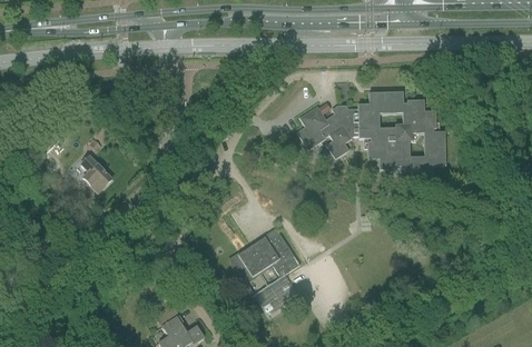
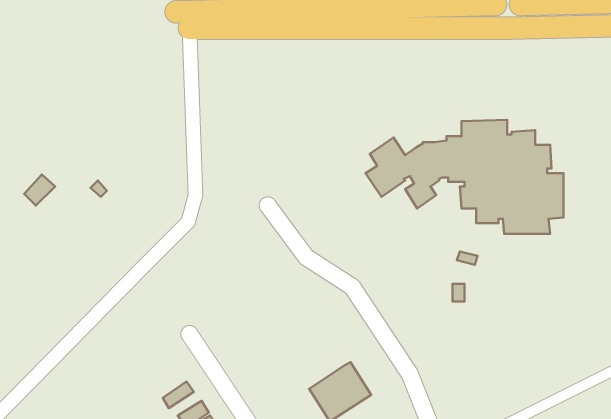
building: [80,156,111,187] -> none
building: [231,226,301,280] -> none

